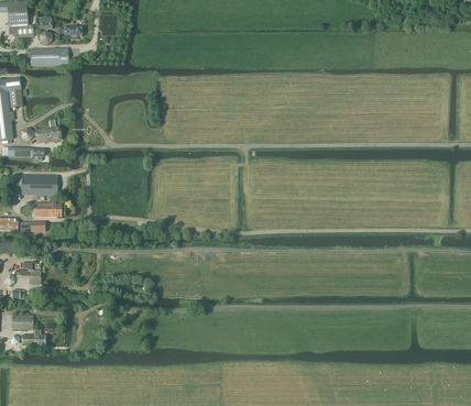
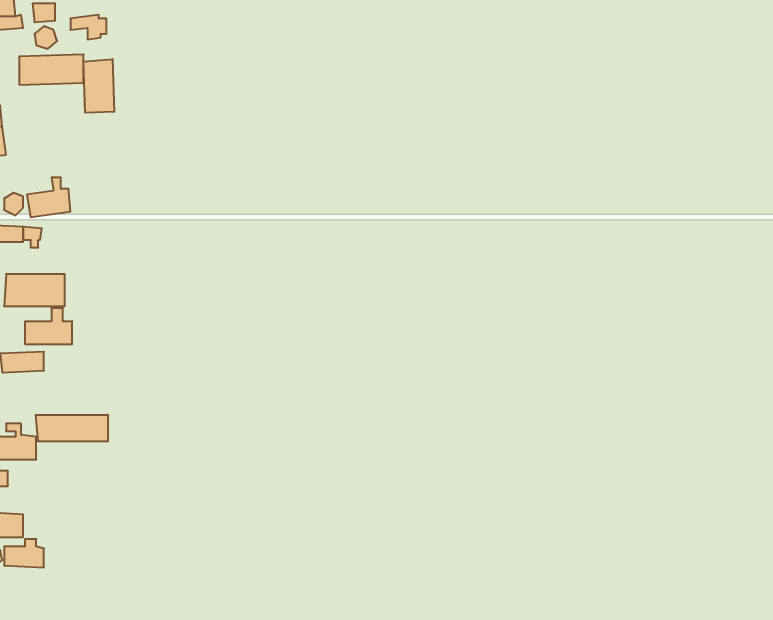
building: none -> [84,59,114,113]
building: none -> [36,415,108,441]

